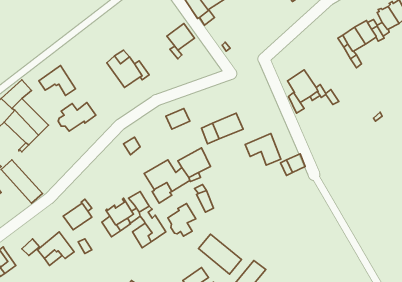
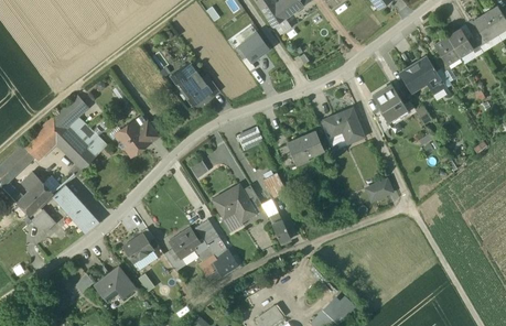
building: none -> [400,57,442,93]
building: [39,65,76,96] -> none
building: [245,134,281,165] -> [324,108,364,143]
building: [168,203,196,236] -> none
building: [199,234,241,274] -> none

